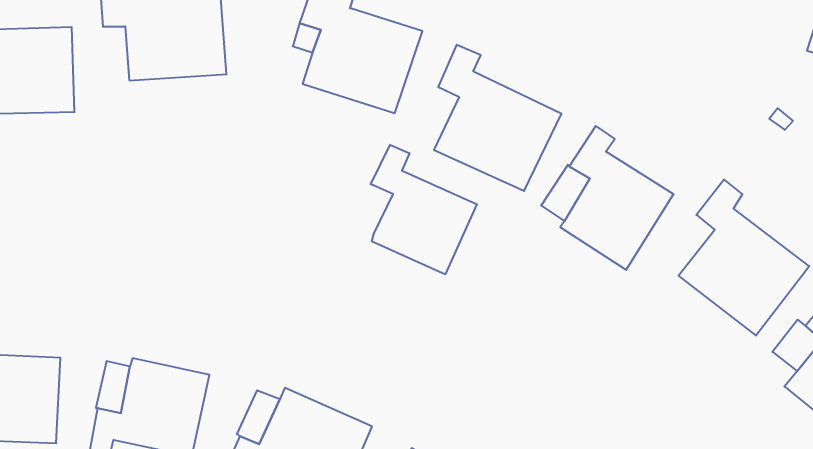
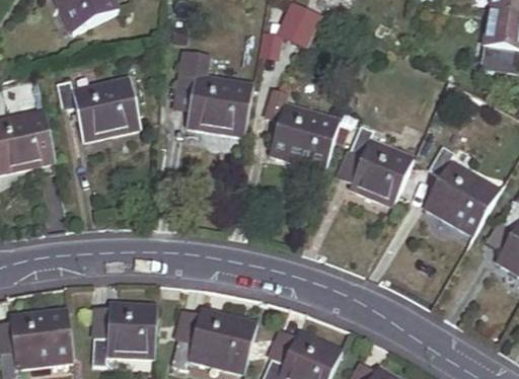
building: [371,145,477,274] -> none

